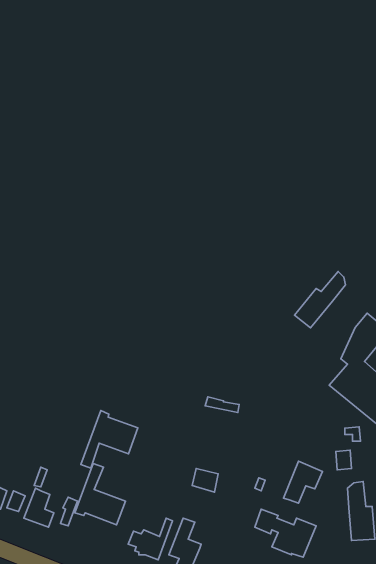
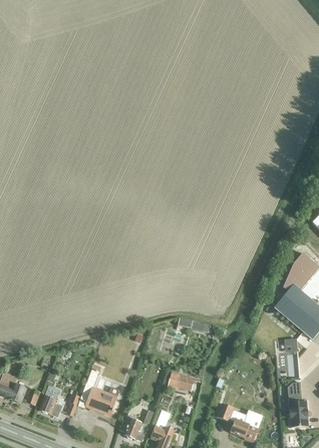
building: [294,272,345,328] -> none
building: [81,410,138,468] -> none
building: [284,461,322,503] -> none

